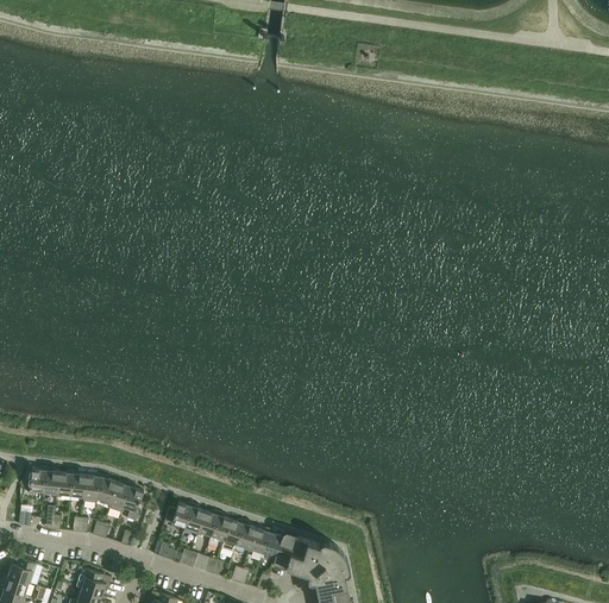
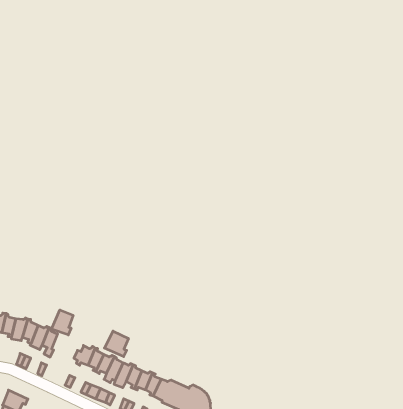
building: none -> [52,310,73,335]
building: none -> [104,331,128,357]

